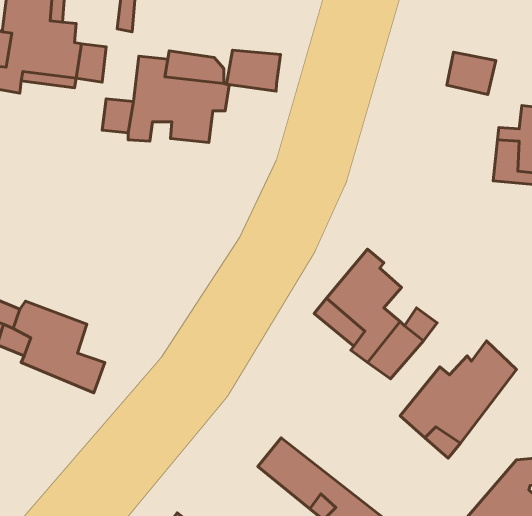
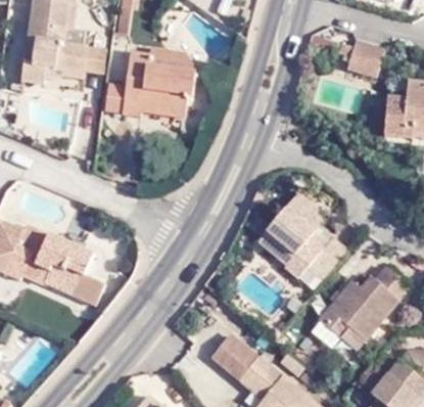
building: [226,50,280,91] -> none

